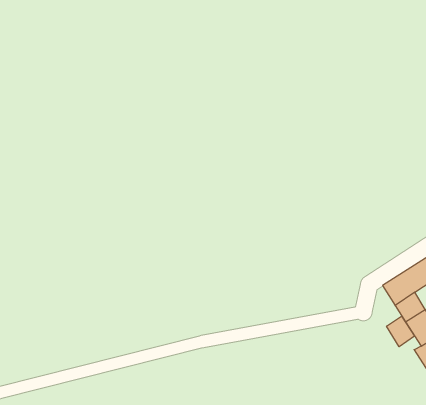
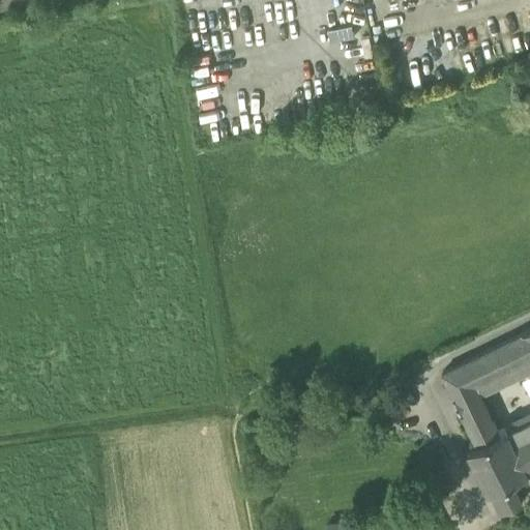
building: [387,316,415,347] -> none

